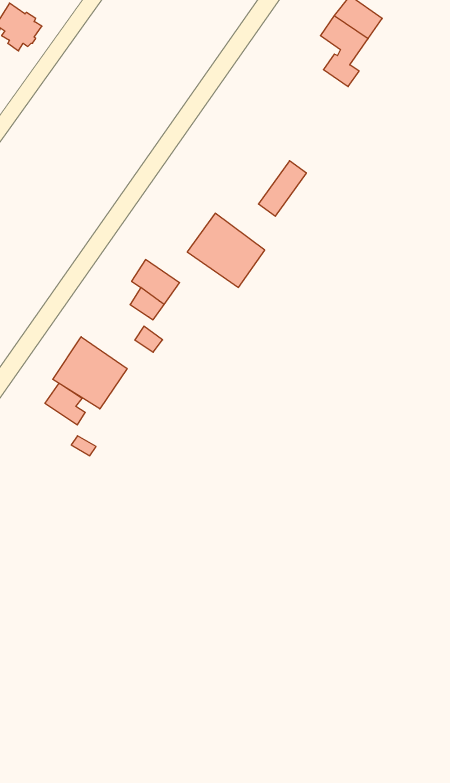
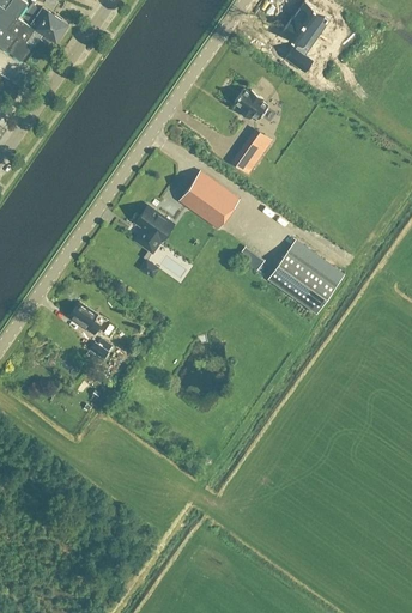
building: none -> [234,87,267,121]
building: none -> [267,248,338,312]
building: [53,337,127,409] -> none

